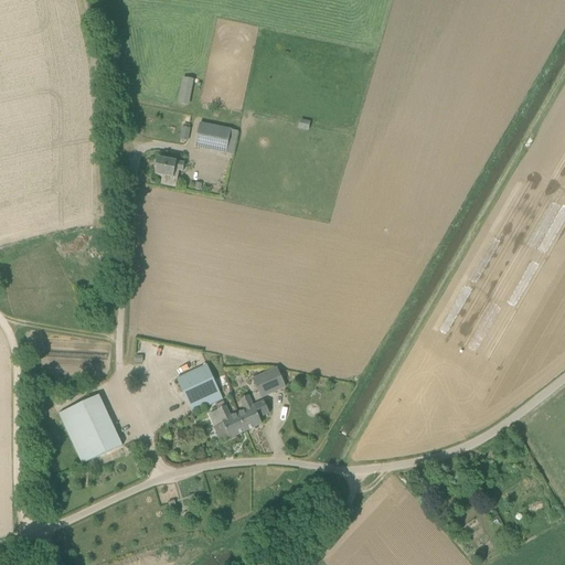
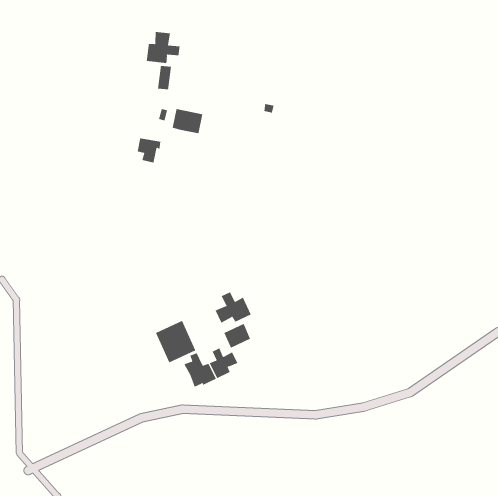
building: none -> [146,31,180,64]
building: none -> [215,291,252,324]
building: [58,393,121,461] -> none

